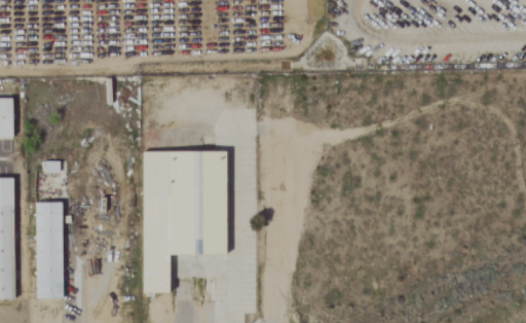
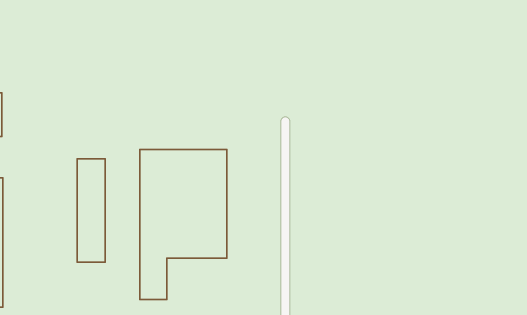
building: [36,201,63,298] -> [77,159,105,262]

